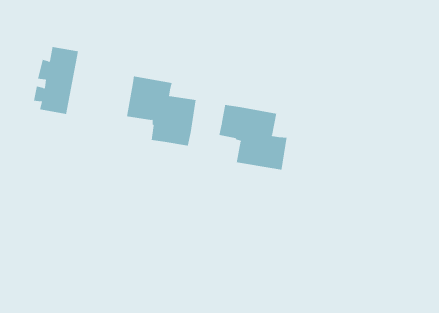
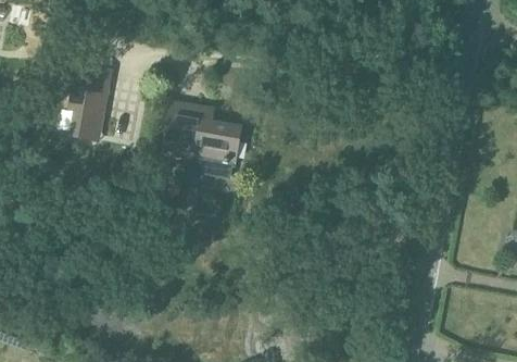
building: [219,104,287,171] -> none

